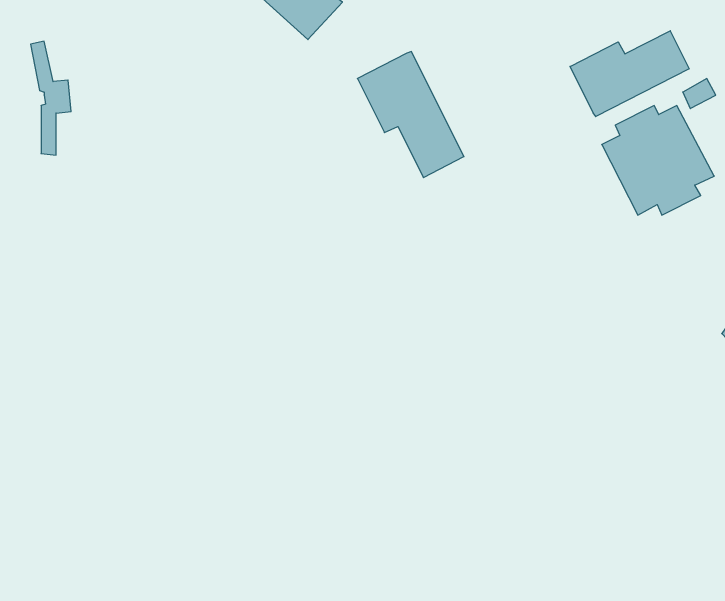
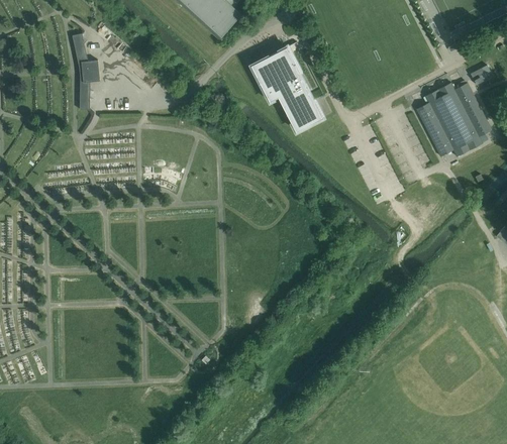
building: [570,31,689,117] -> none
building: [31,41,71,155] -> [73,32,100,109]

